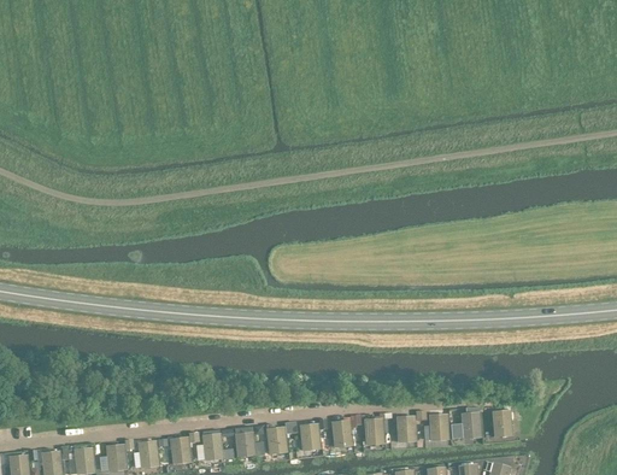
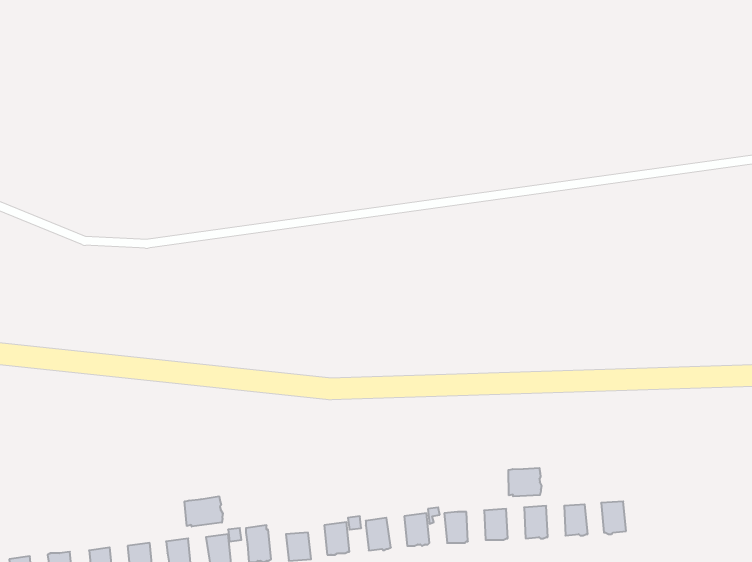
building: none -> [508,468,542,496]
building: none -> [185,496,223,527]

